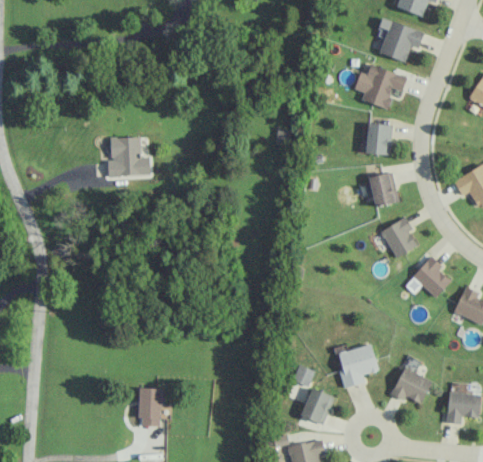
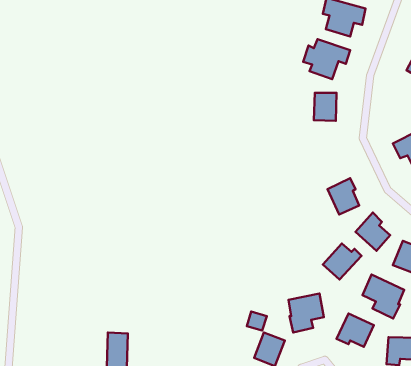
building: [107,137,150,177] -> none
building: [368,172,399,208] -> none
building: none -> [323,244,361,279]
building: none -> [362,275,404,319]

